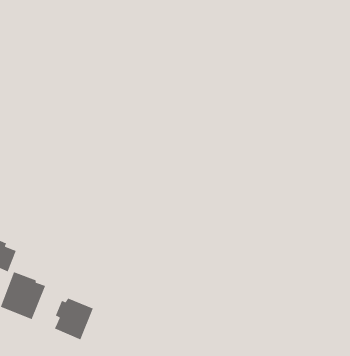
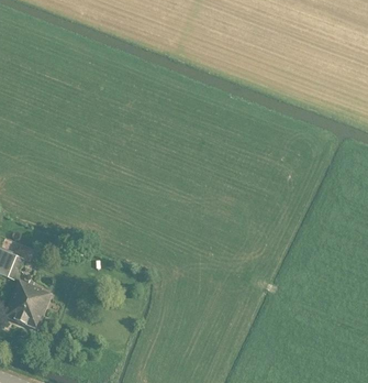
building: [54,298,94,340] -> none

